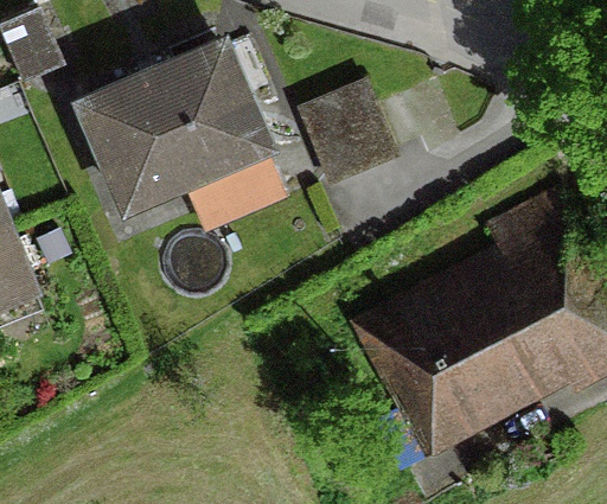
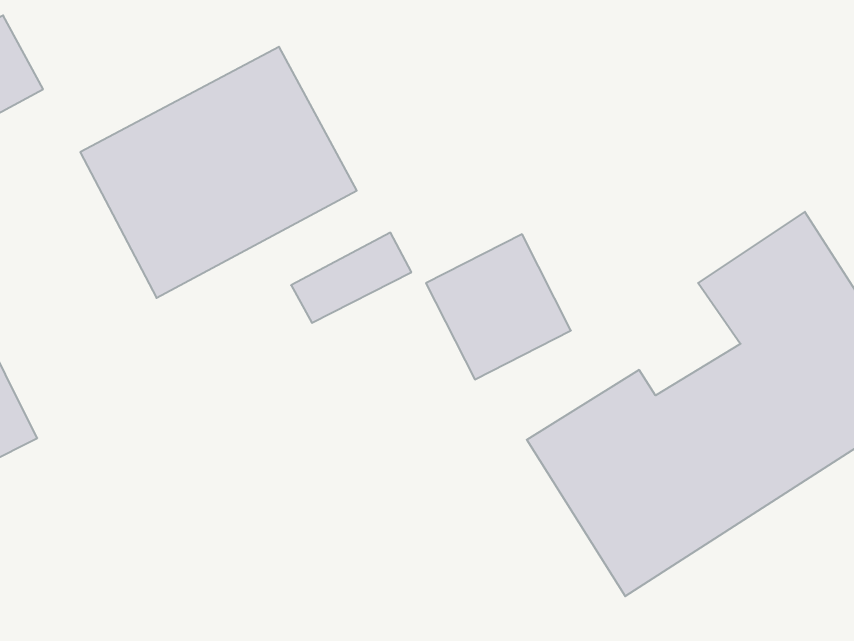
building: [300,91,394,185] -> [426,234,571,379]

